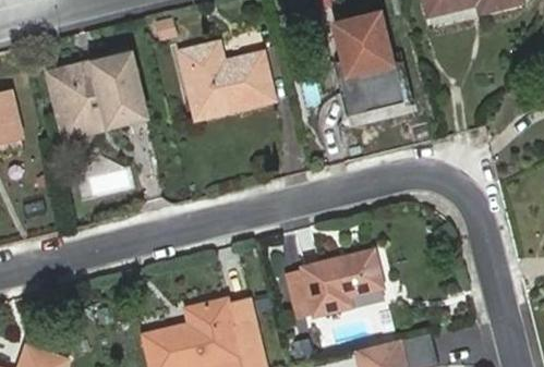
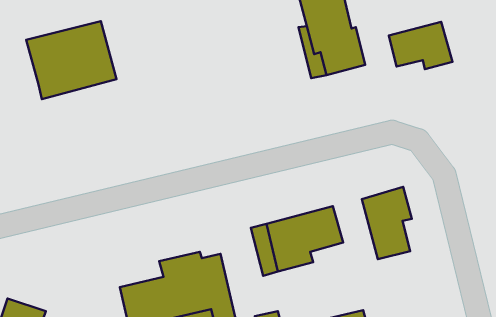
building: [179,41,270,118] -> none
building: none -> [389,22,453,69]
building: none -> [362,187,412,259]

